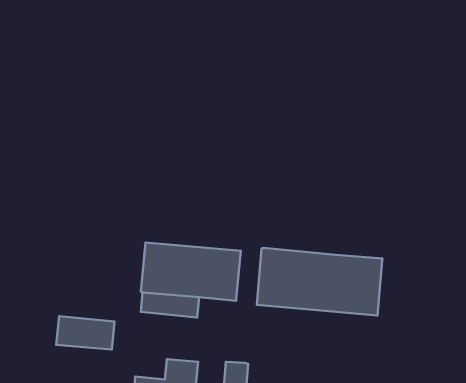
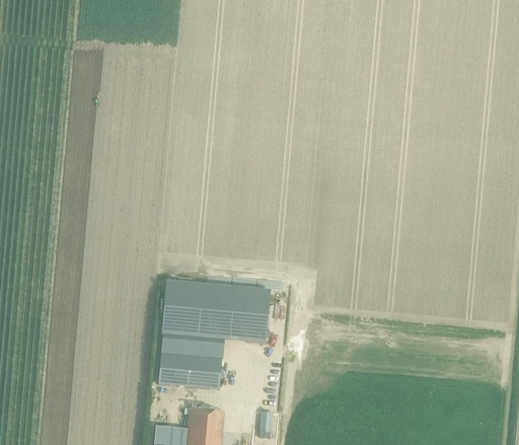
building: [257,248,382,316] -> none
building: [56,316,115,349] -> [158,354,222,390]

